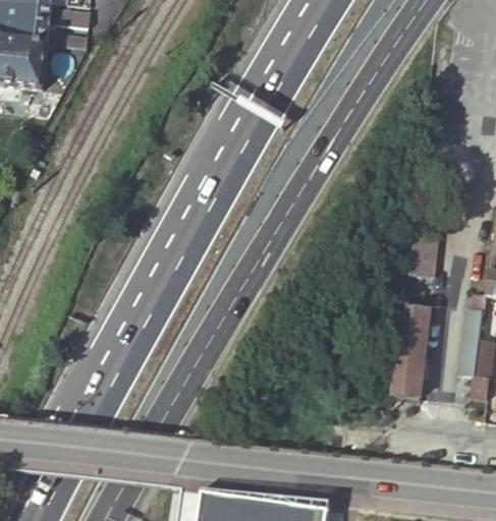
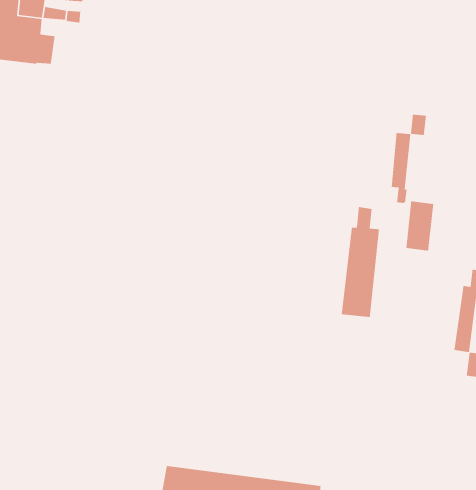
building: none -> [391,114,427,204]
building: [390,286,429,397] -> [341,206,380,318]

